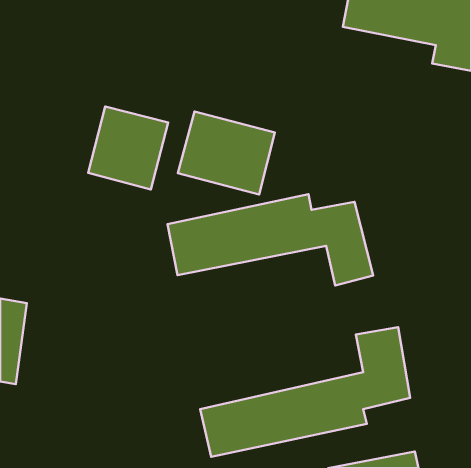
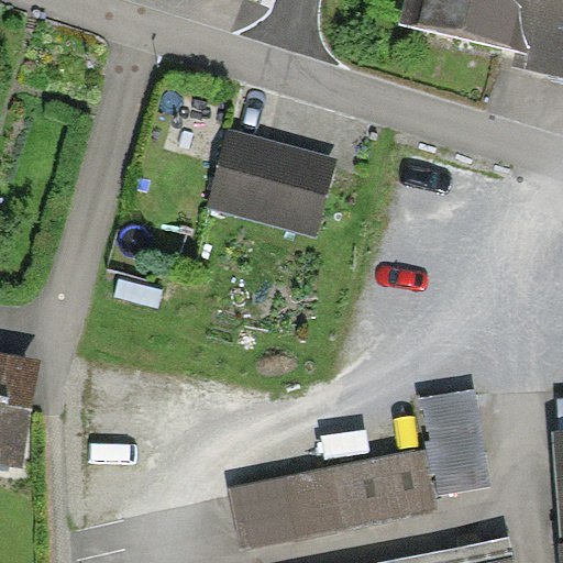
building: [88,106,168,190] -> none
building: [167,194,373,285] -> none

